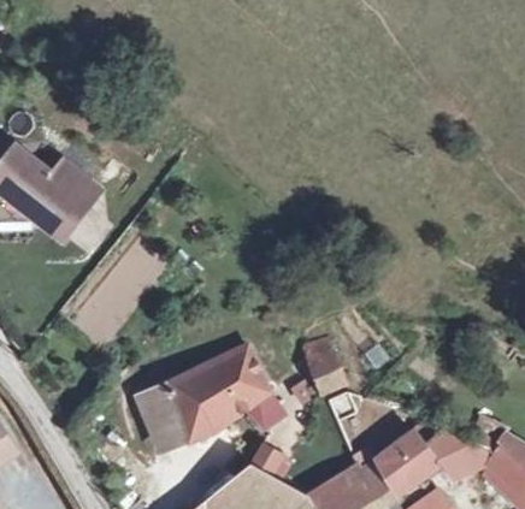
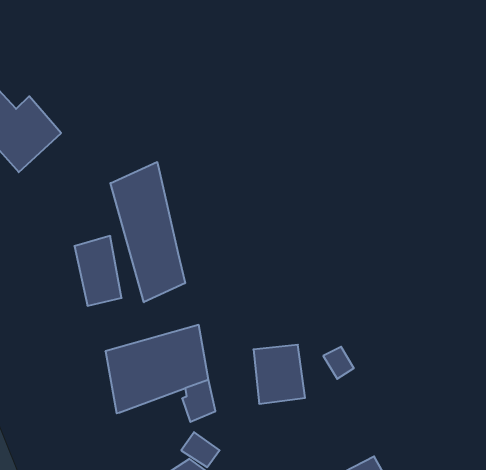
building: none -> [110,162,185,302]
building: [134,383,183,448] -> [74,236,122,306]

